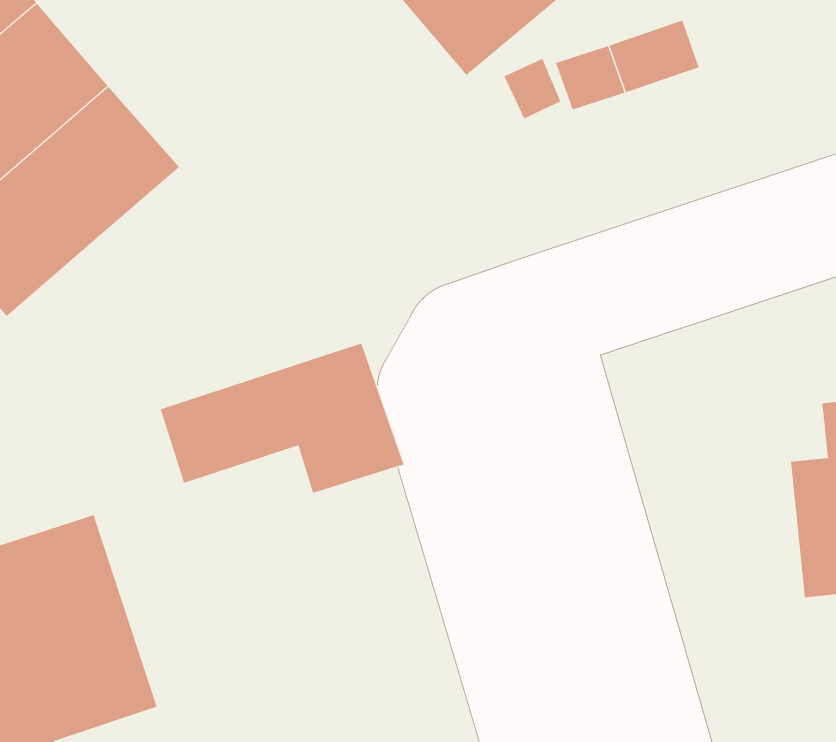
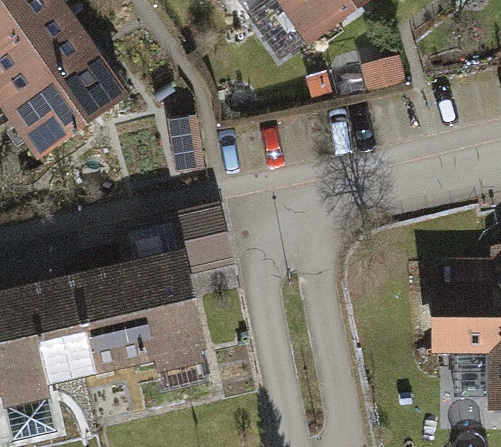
building: none -> [74,249,203,376]

